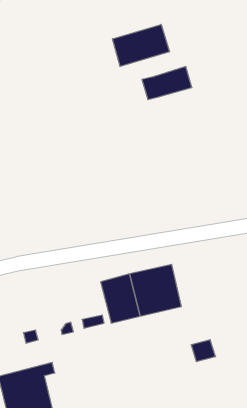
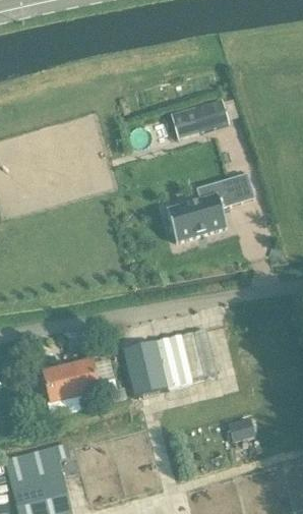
building: [113,24,170,67] -> none
building: none -> [167,172,254,241]
building: none -> [43,357,101,401]

